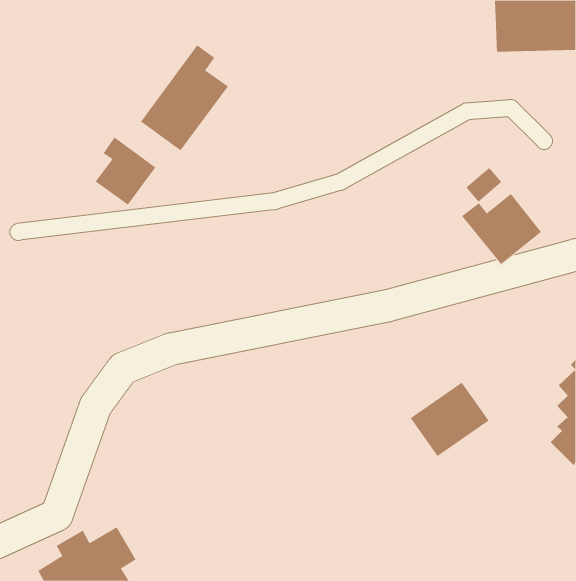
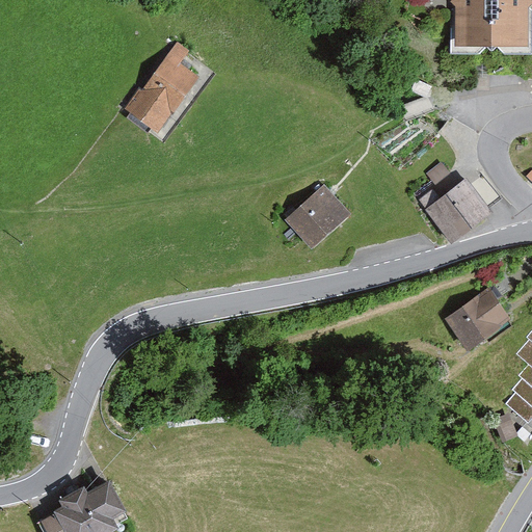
building: [95,136,156,206] -> none
building: none -> [288,184,358,252]
building: [410,382,489,457] -> [440,284,512,352]

